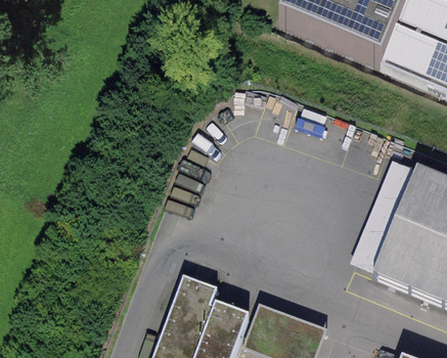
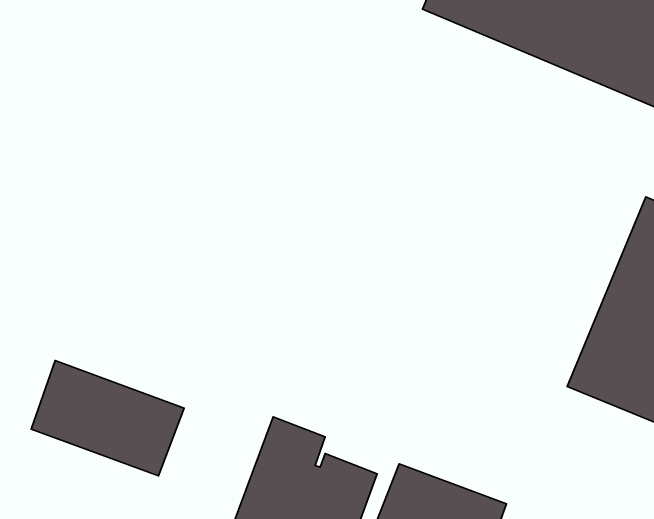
building: none -> [31,360,184,476]

